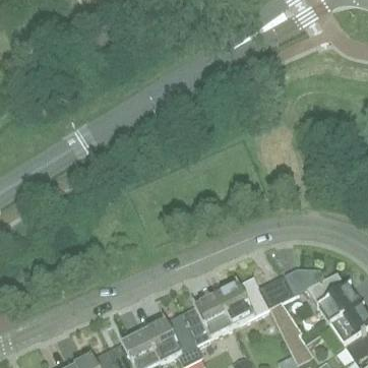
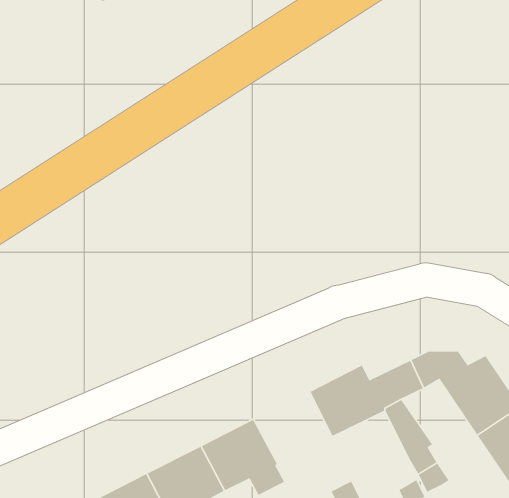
building: [181,296,234,345] -> none

